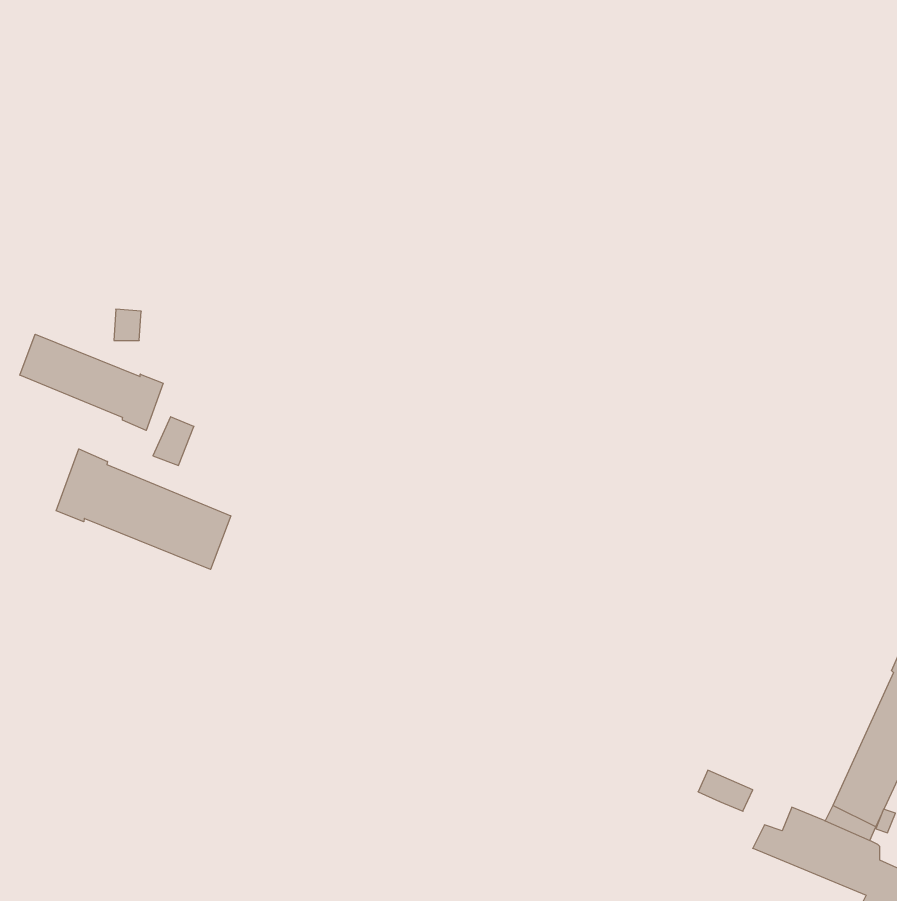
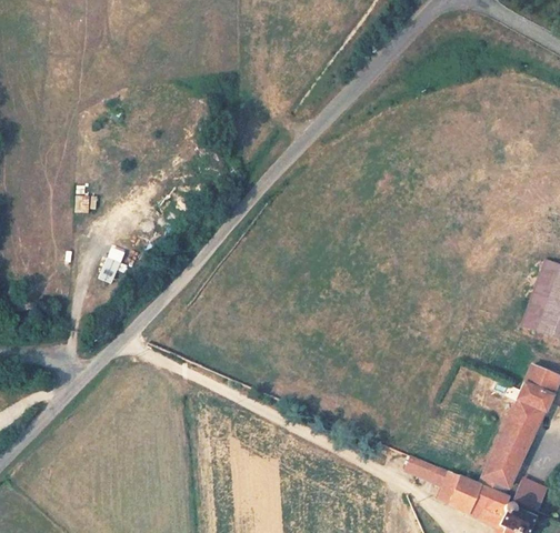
building: [20,334,163,430] -> none
building: [56,449,231,569] -> none

